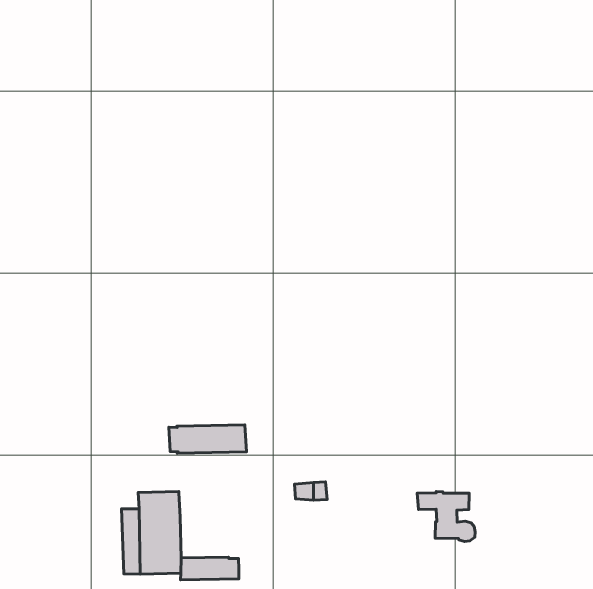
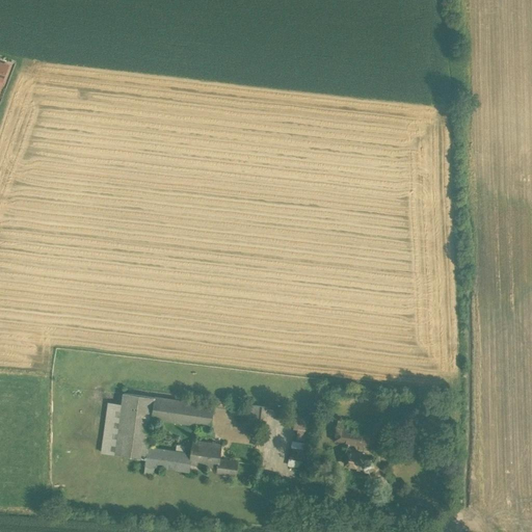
building: [169,425,246,453] -> [152,398,212,426]
building: none -> [190,441,237,475]

